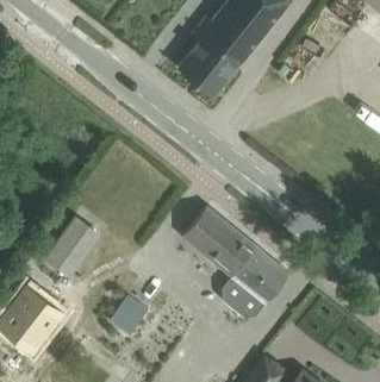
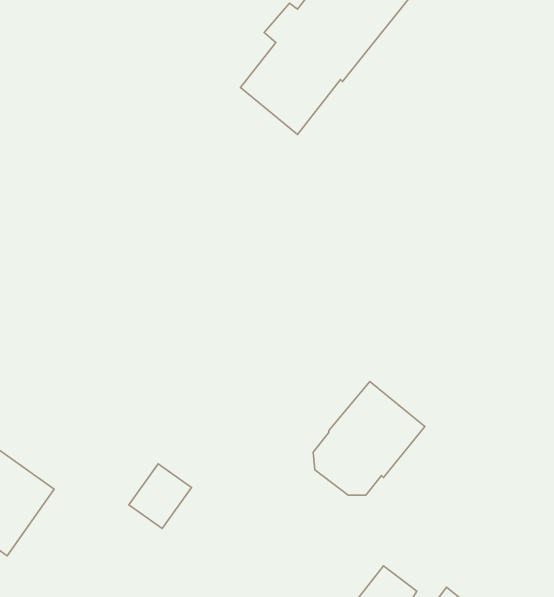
building: [182,207,256,276] -> none
building: [45,215,102,276] -> none

